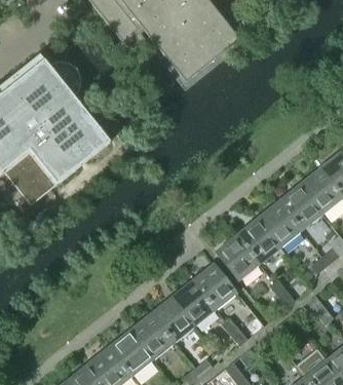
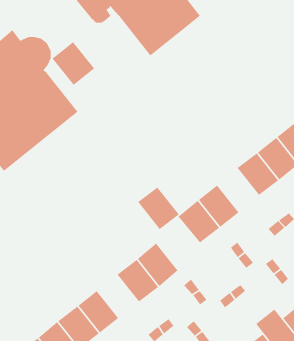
building: none -> [51,41,95,86]
building: [257,200,301,247] -> none
building: [192,263,237,309] -> [137,186,180,230]
building: [129,313,174,359] -> none

